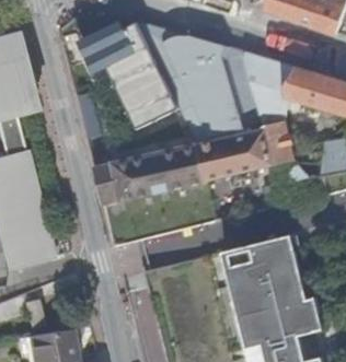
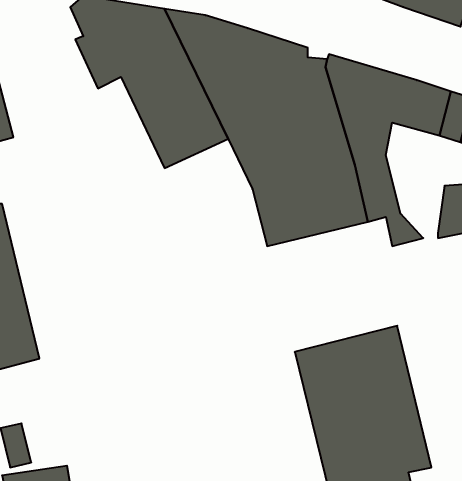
building: [96,144,208,206] -> none

